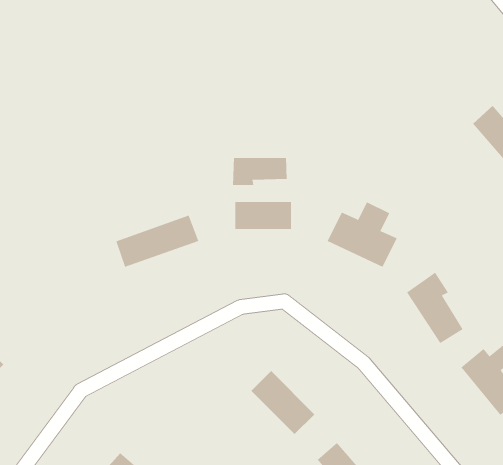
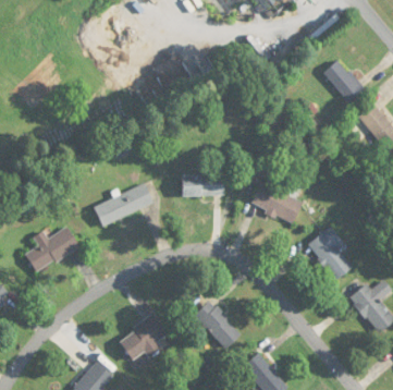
building: none -> [323,59,364,102]
building: [233,157,287,186] -> none
building: none -> [25,227,79,271]
building: none -> [118,315,165,358]

